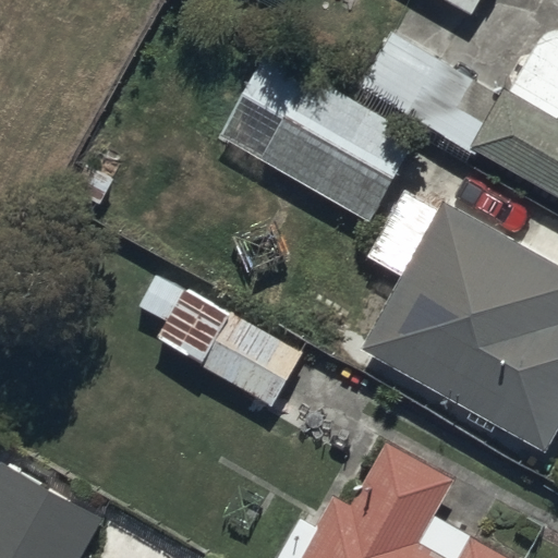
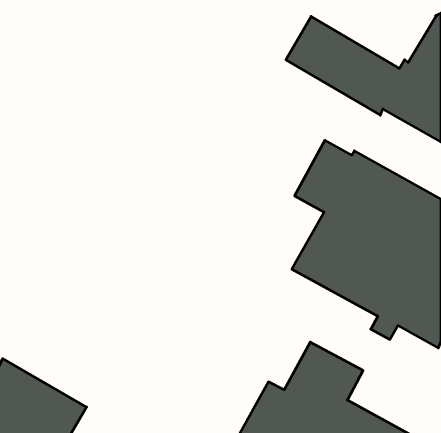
building: [219,54,420,225] -> none
building: [157,288,307,450] -> none

